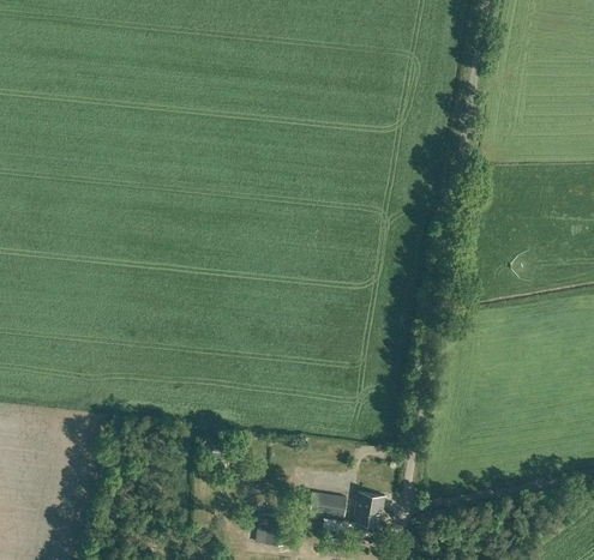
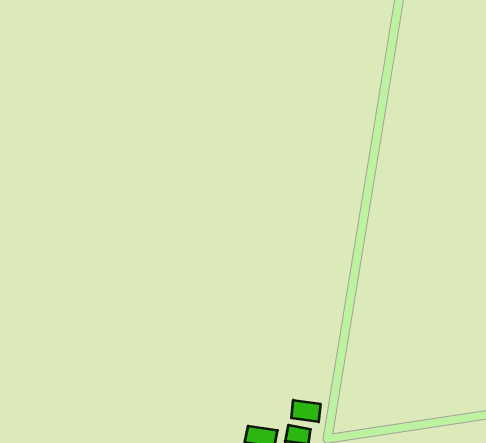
building: none -> [291,400,320,422]

